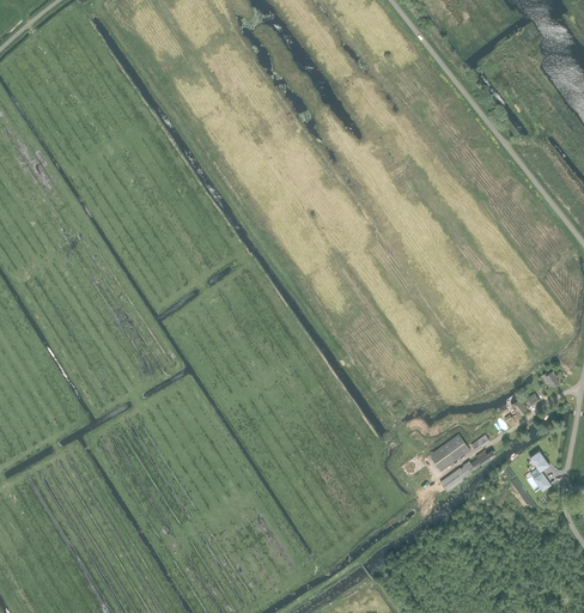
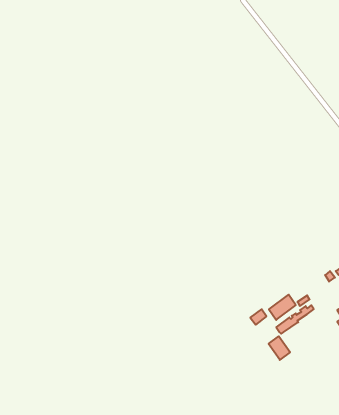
building: none -> [269,336,290,360]

